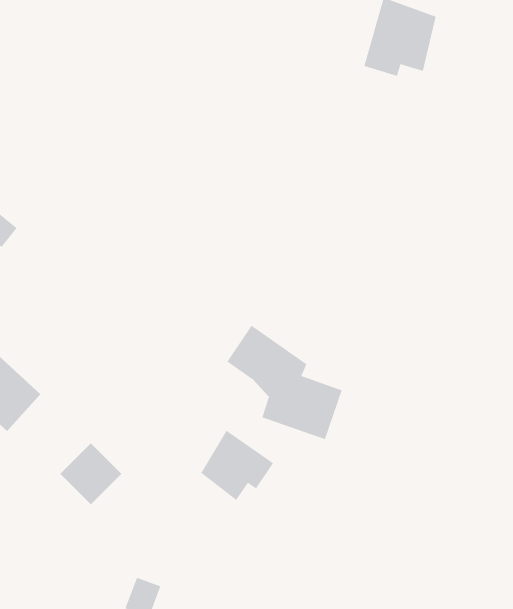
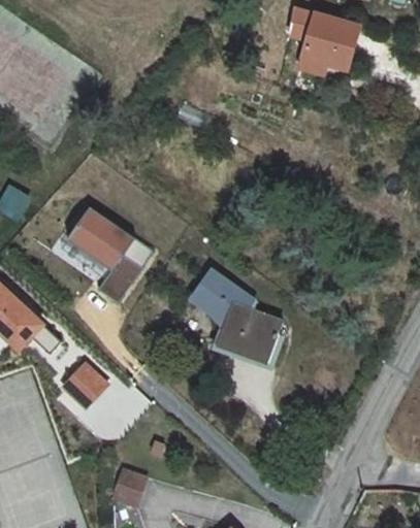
building: none -> [69,203,156,299]
building: [200,430,274,501] -> none

